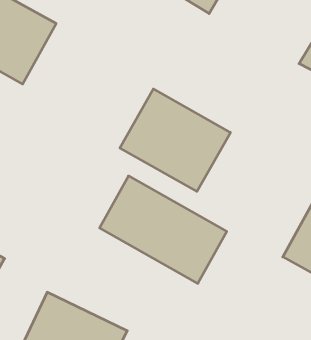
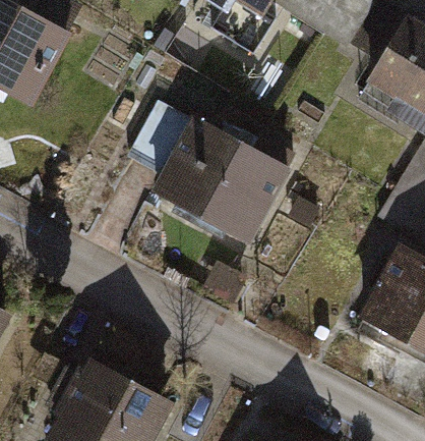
building: [100,176,227,283] -> none

